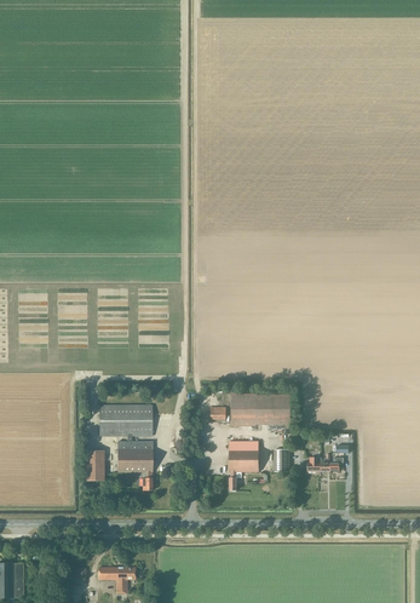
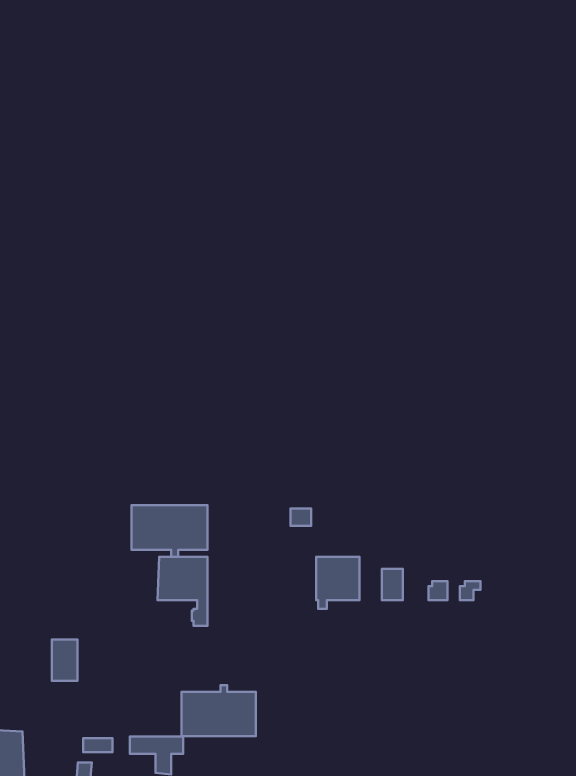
building: [231,394,290,424] -> none
building: [86,450,104,479] -> [52,639,78,681]
building: none -> [182,685,256,736]

